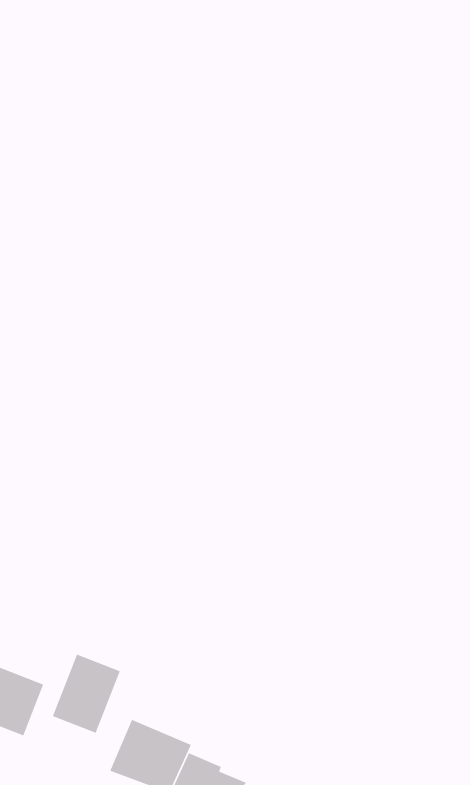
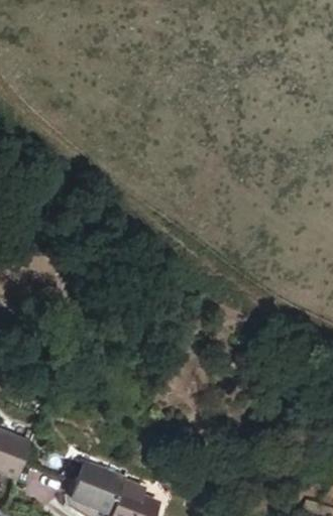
building: [52,654,121,734] -> none

